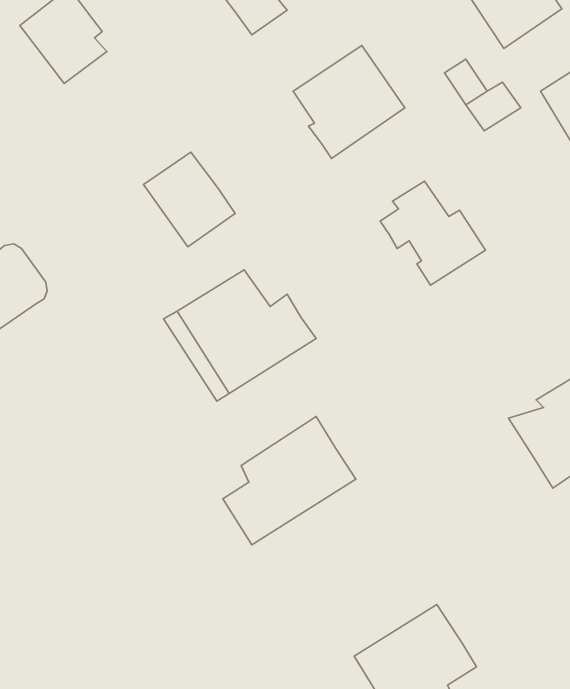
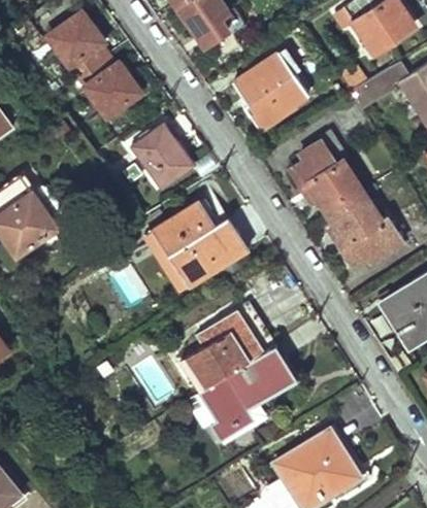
building: none -> [78,57,141,117]
building: none -> [326,191,401,265]
building: none -> [199,345,297,443]

